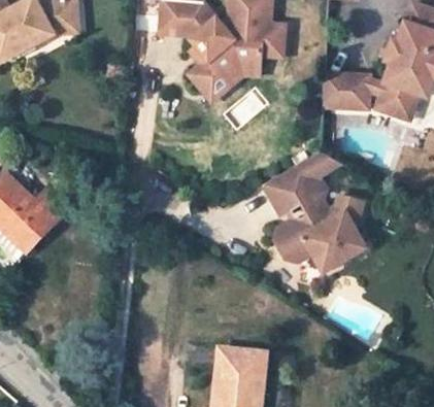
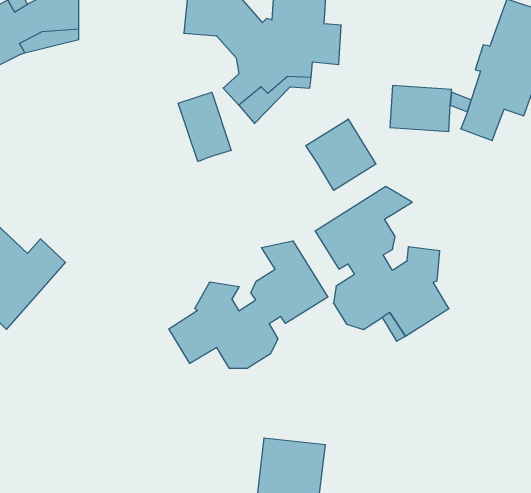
building: none -> [178,92,231,161]
building: none -> [306,119,376,190]
building: none -> [169,241,328,369]

